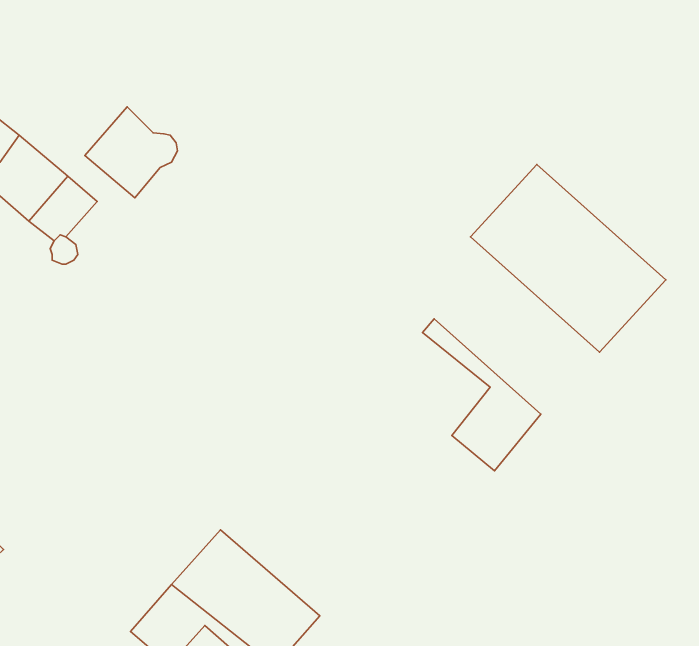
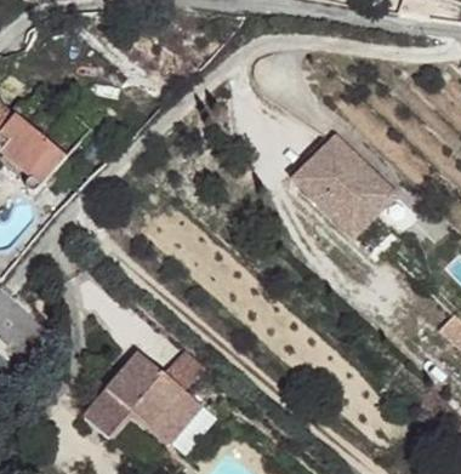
building: [85,107,178,198] -> none
building: [422,319,541,471] -> none

